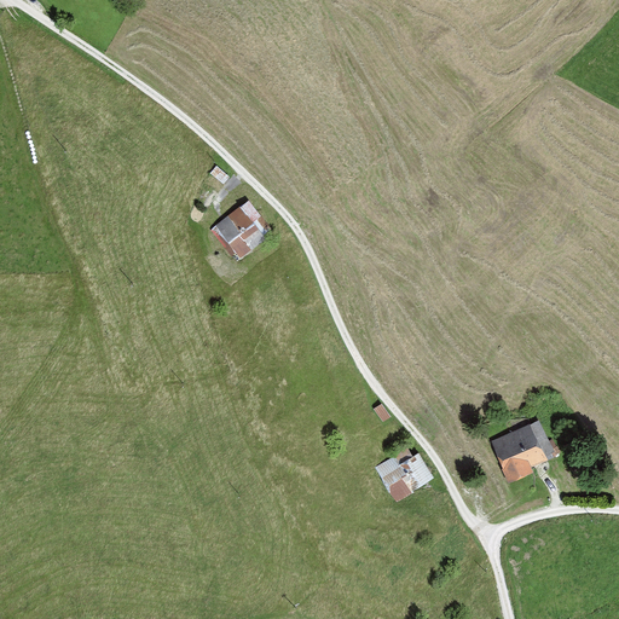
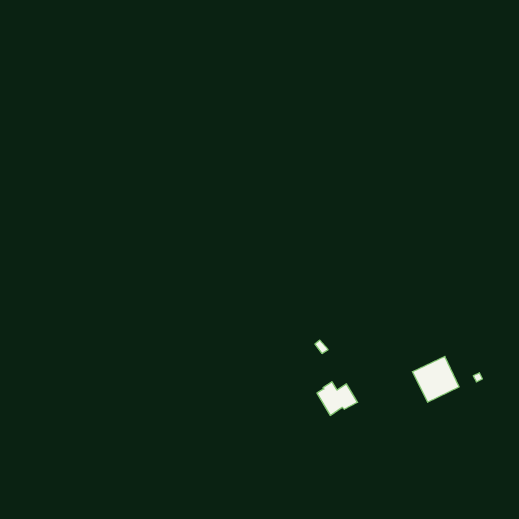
building: [222,203,262,250] -> none

